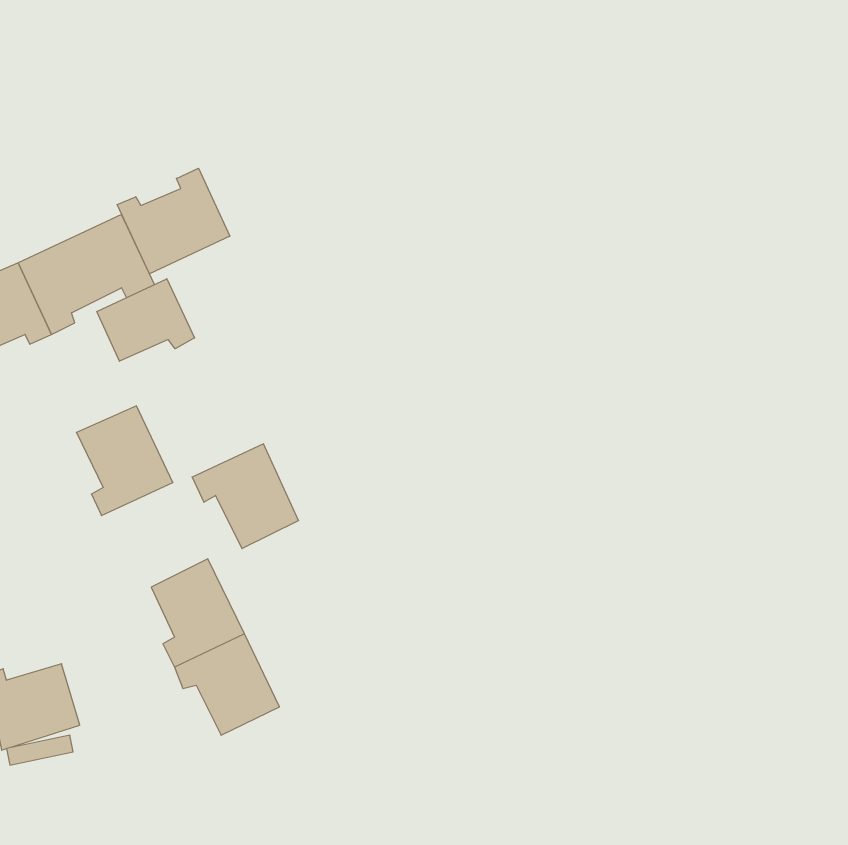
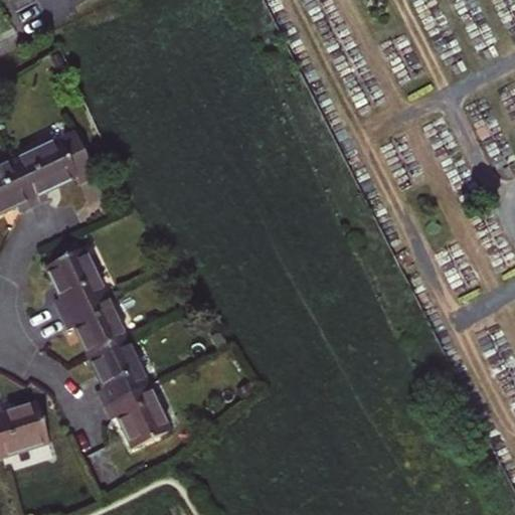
building: [117,168,230,274] -> none
building: [97,279,195,361] -> none
building: [192,444,299,549] -> [61,292,126,355]

